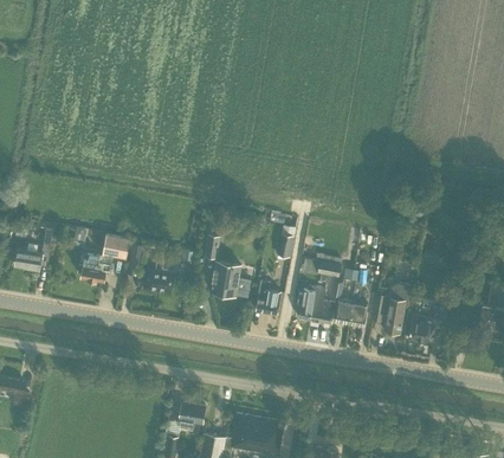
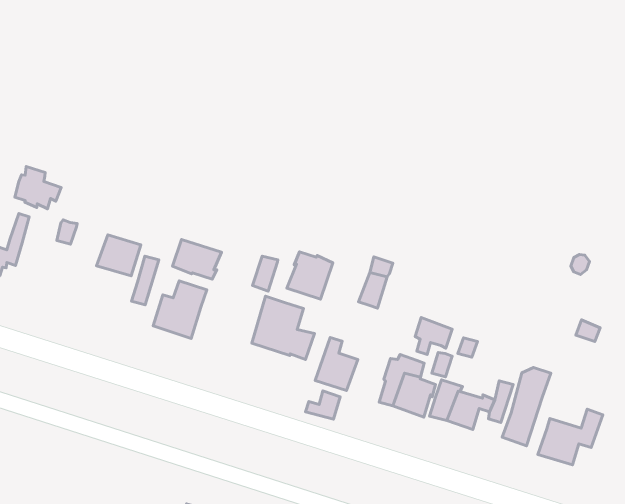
building: none -> [287,252,333,299]
building: none -> [172,239,222,279]
building: [82,254,111,280] -> [15,166,61,209]

